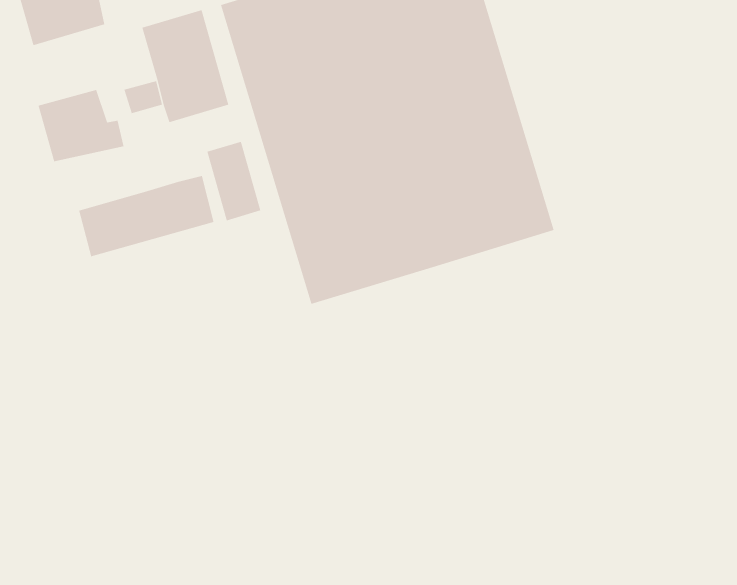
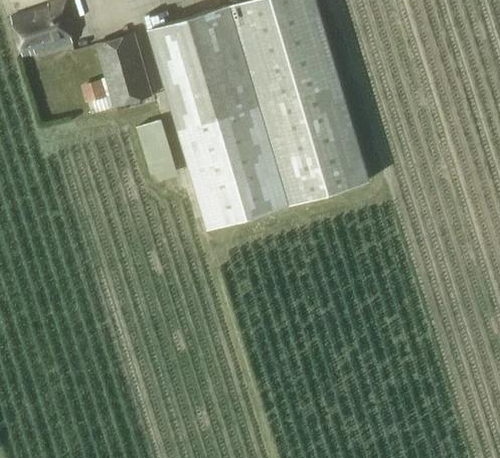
building: [38,89,124,162] -> none
building: [78,175,214,257] -> none

